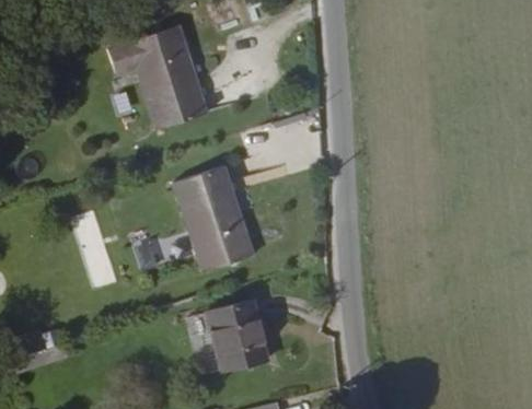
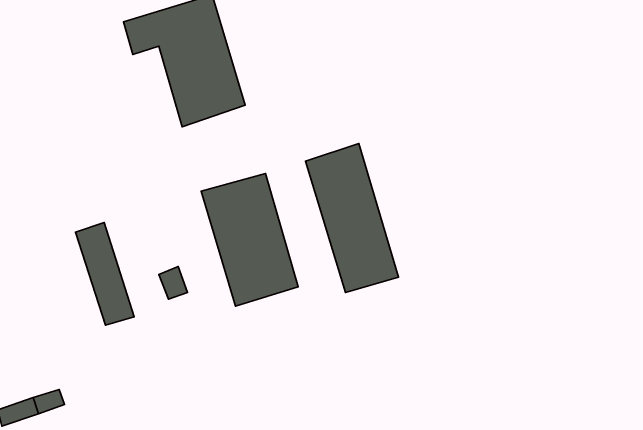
building: none -> [305,144,399,293]
building: [203,294,263,365] -> none

